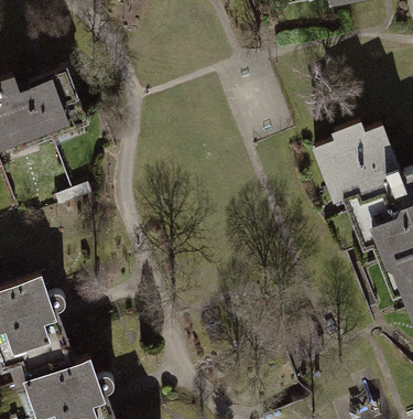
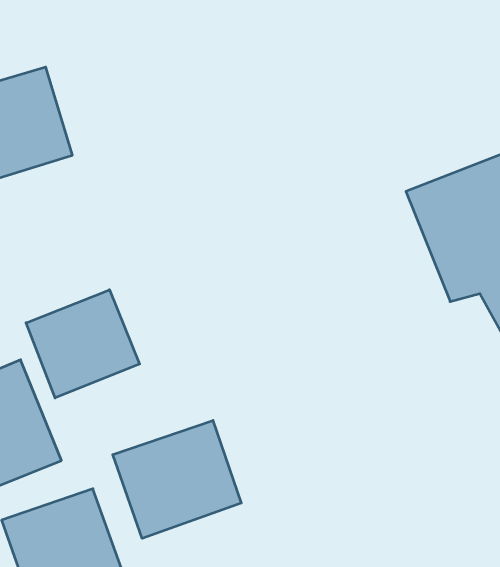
building: none -> [26,290,140,398]
building: none -> [113,420,241,538]

